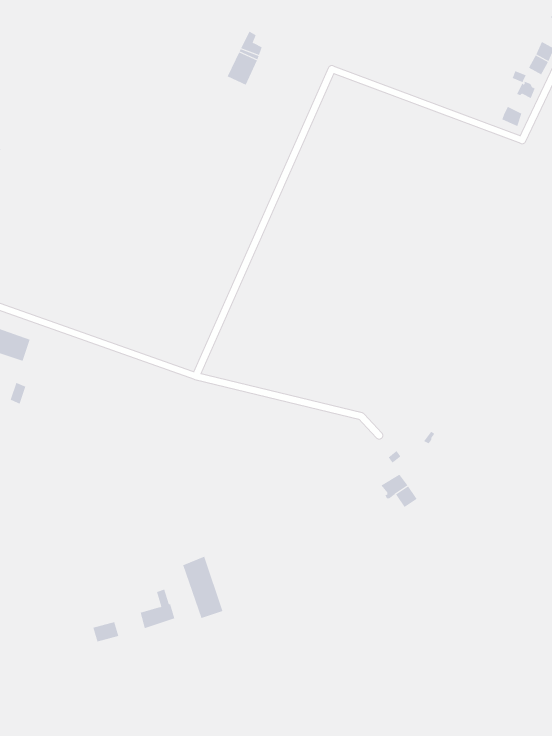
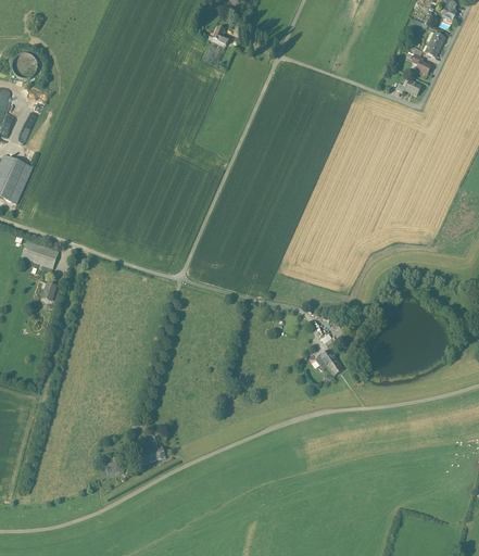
building: [183,556,223,619] -> none

